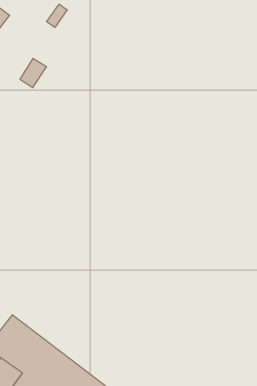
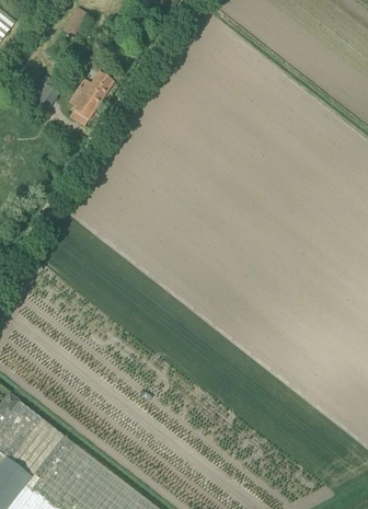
building: none -> [69,72,114,126]

